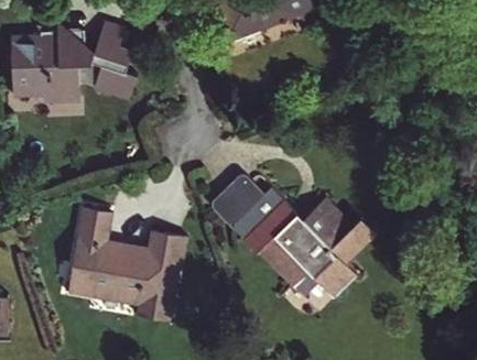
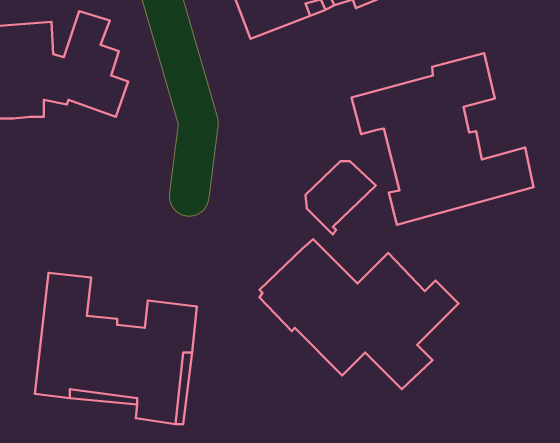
building: none -> [351,53,534,225]
building: [213,176,263,229] -> [305,161,376,235]

